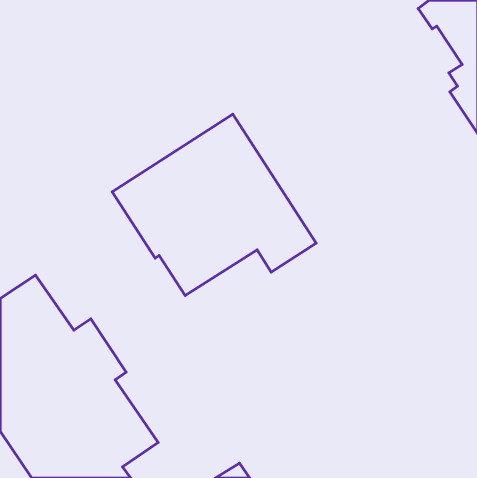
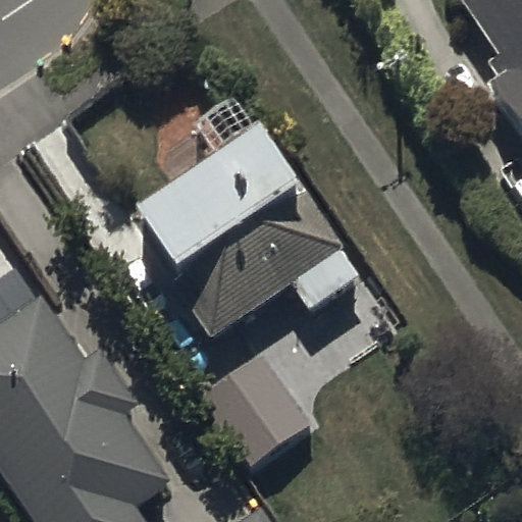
building: none -> [204,368,316,480]

